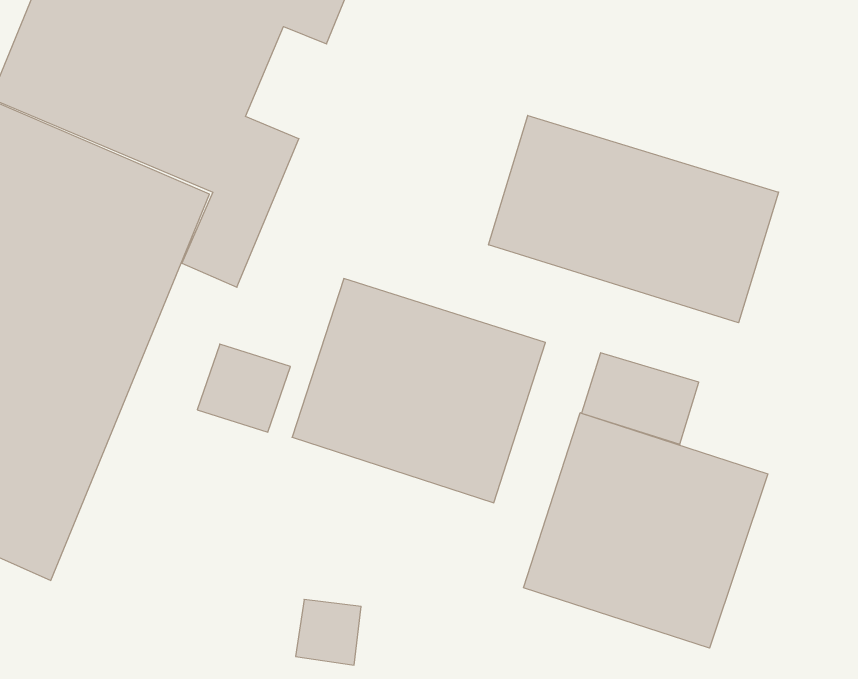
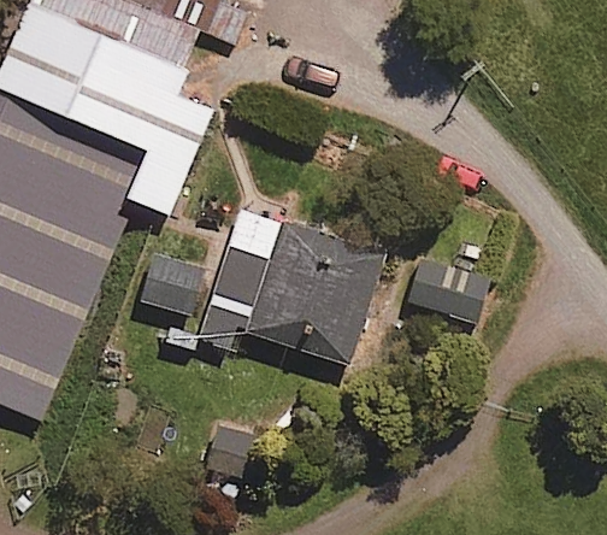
building: [489,115,779,323] -> none
building: [523,413,768,648] -> none

